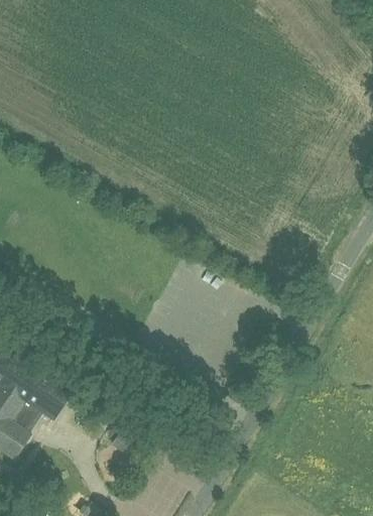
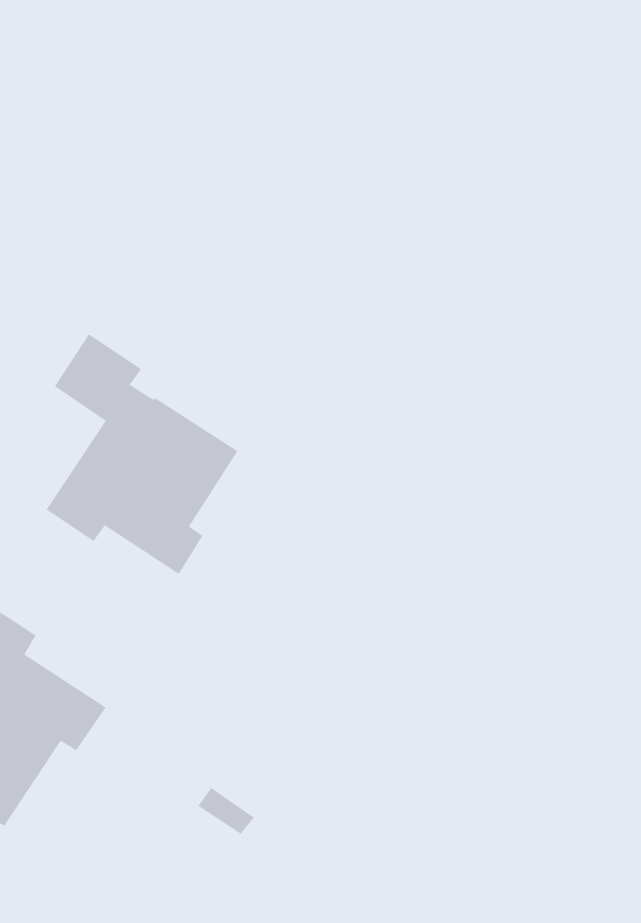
building: none -> [46,334,238,575]

